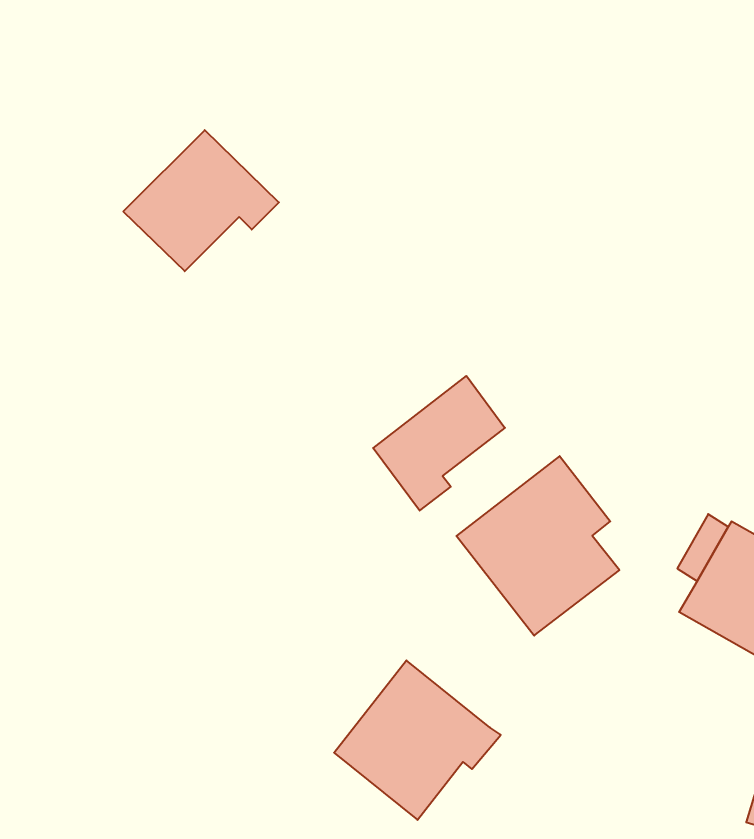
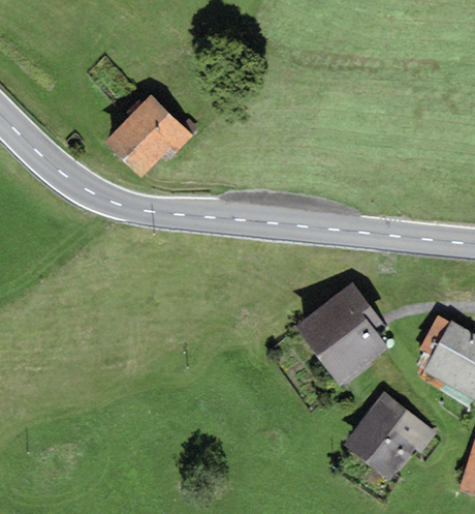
building: [373,376,505,511] -> none
building: [334,660,501,820] -> [343,391,438,482]

